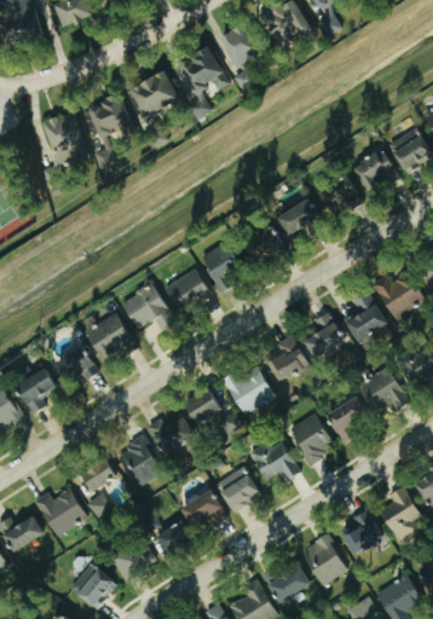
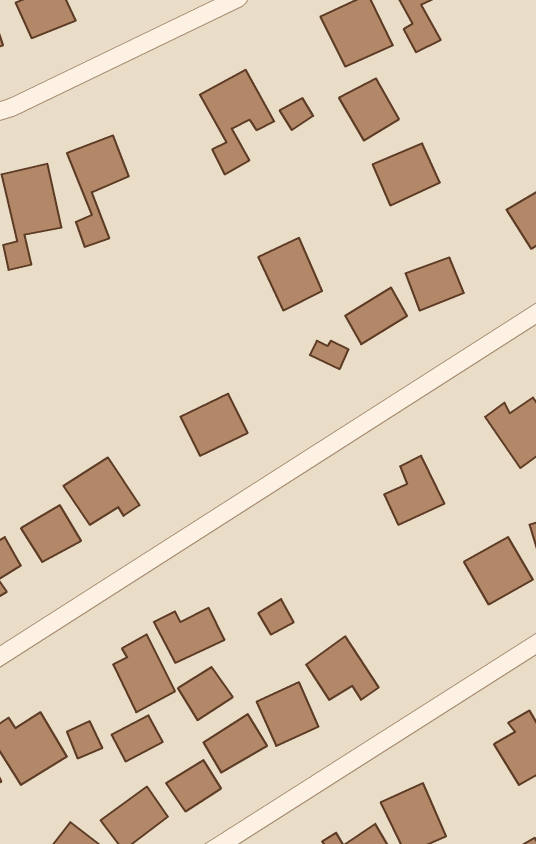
building: [218,23,259,65] -> [339,78,399,140]
building: [129,70,178,115] -> none
building: [351,149,397,191] -> [373,143,440,205]
building: [201,241,244,290] -> [258,238,322,310]
building: [120,283,174,331] -> none
building: [345,290,386,345] -> none
building: [266,334,312,381] -> none
building: [225,364,273,413] -> none
building: [184,388,221,424] -> [178,667,233,720]
building: [327,397,370,438] -> none
building: [289,412,334,463] -> none
building: [80,458,115,490] -> [111,715,163,761]
building: [342,509,382,554] -> none

